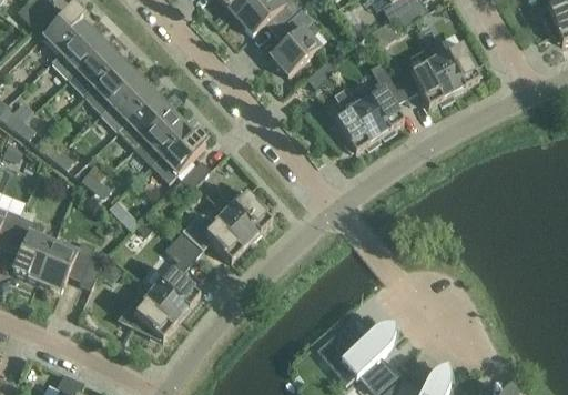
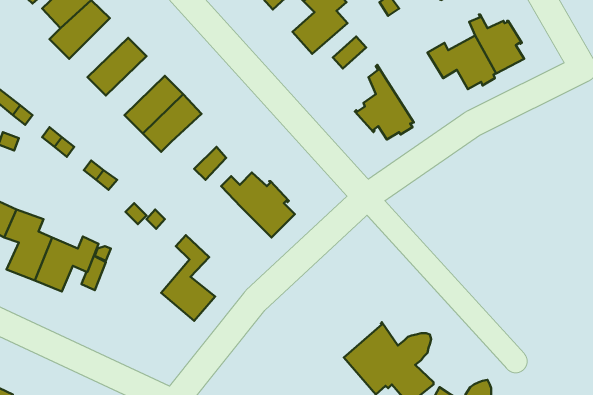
building: [68,42,121,95] -> none
building: [354,73,406,138] -> none
building: [100,77,154,131] -> none
building: [151,129,205,182] -> none
building: [173,213,251,261] -> none
building: [116,285,181,338] -> none

